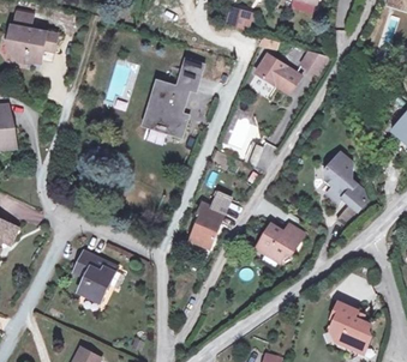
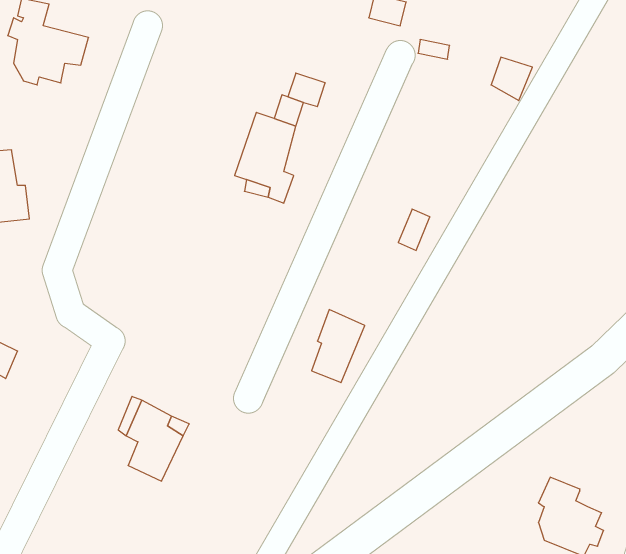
building: [256,52,301,91] -> none
building: [324,153,365,227] -> none
building: [253,221,301,259] -> none

